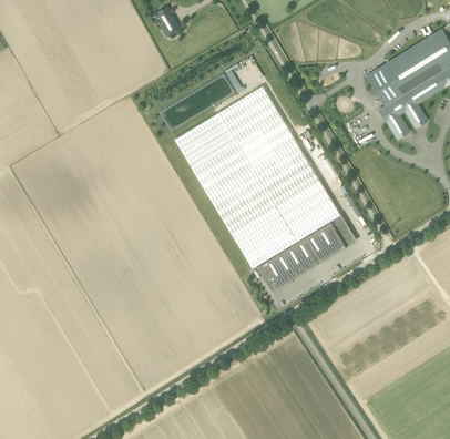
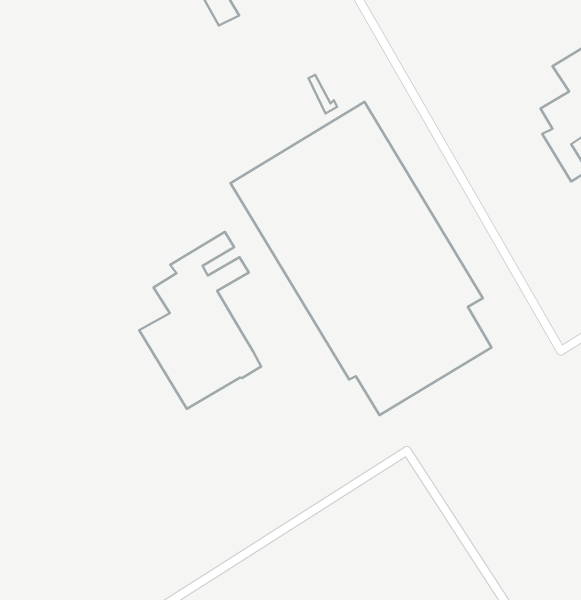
building: none -> [139,232,261,409]

